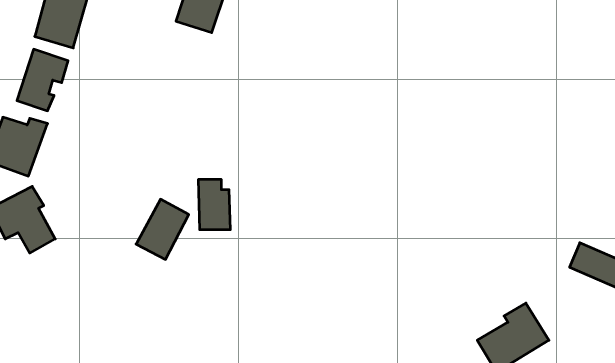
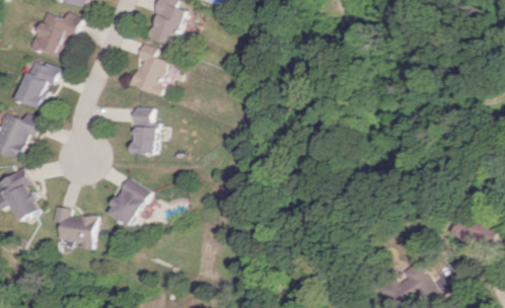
building: none -> [128,43,163,94]
building: [198,180,230,230] -> [132,113,157,153]
building: none -> [58,206,100,248]

